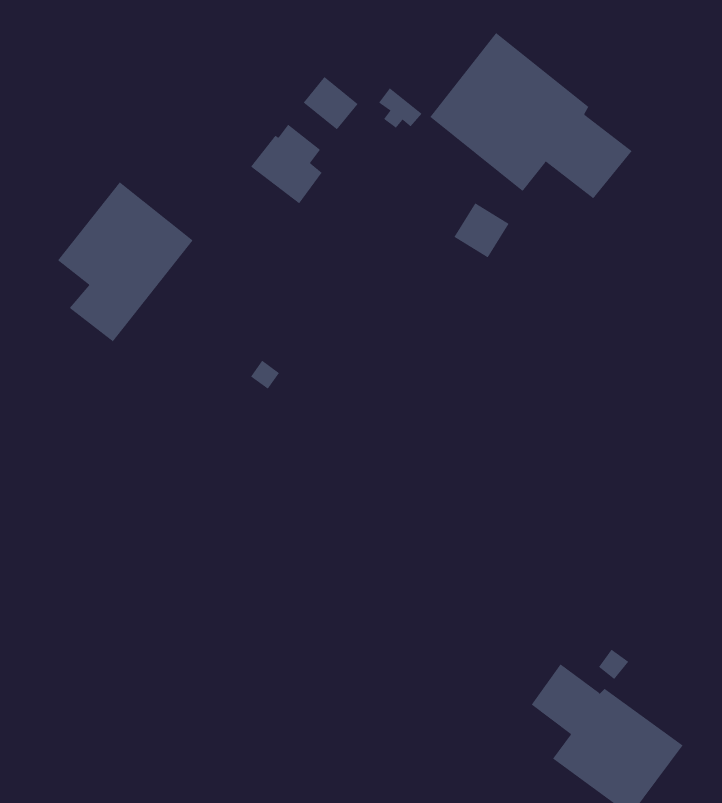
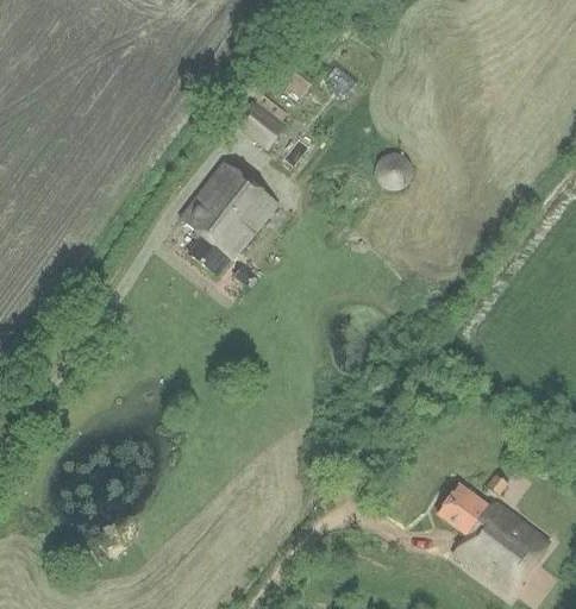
building: [429,32,632,199] -> none
building: [57,181,193,342] -> [179,159,277,276]

